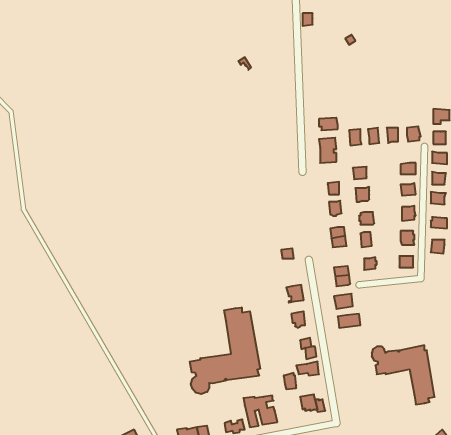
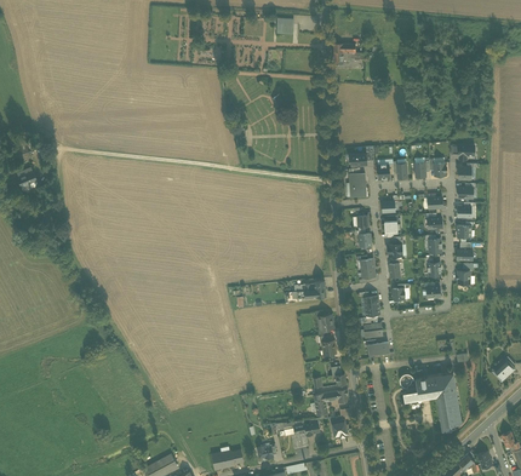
building: [190,307,260,394] -> none

